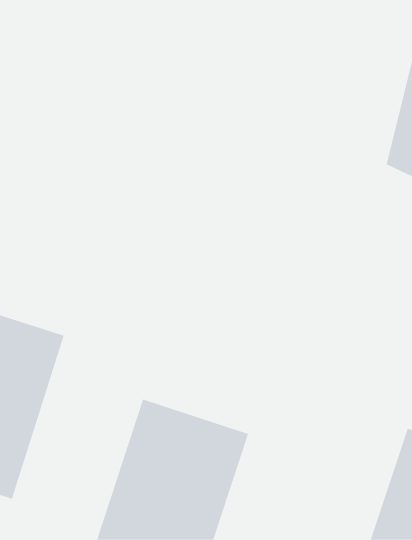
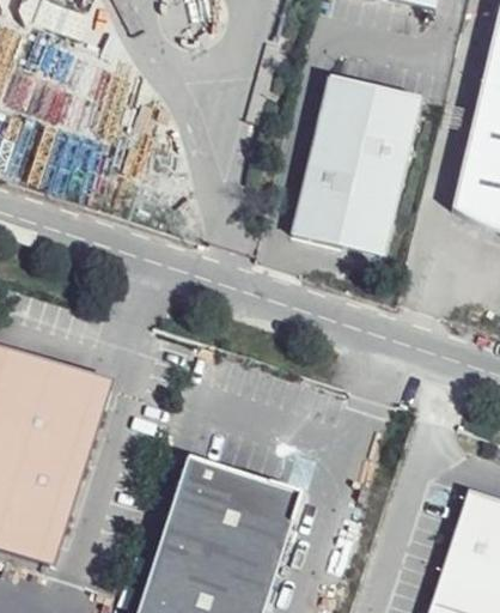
building: none -> [294,77,420,253]

